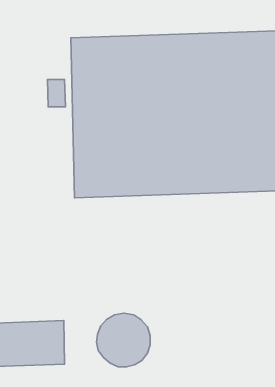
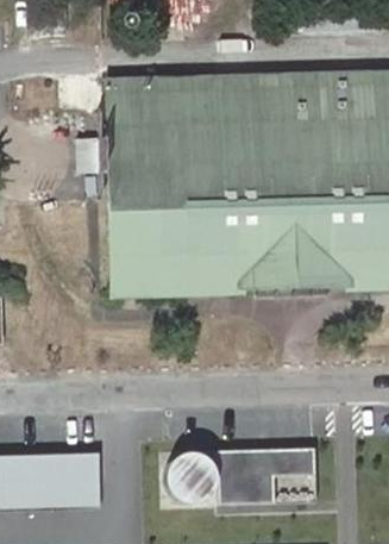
building: none -> [217,448,316,505]

